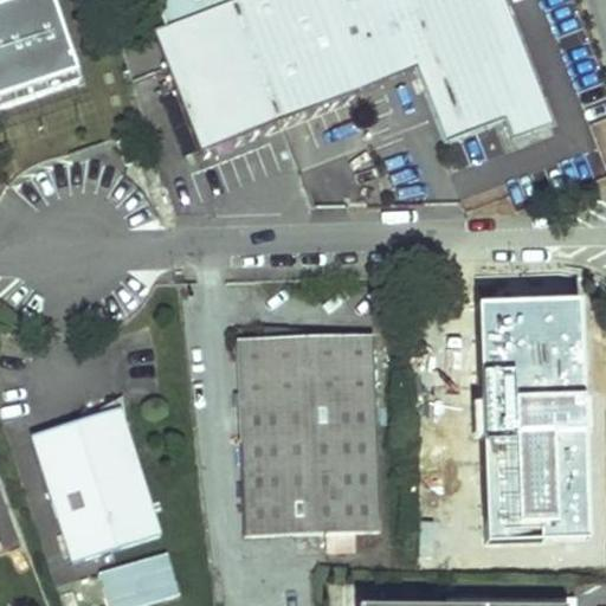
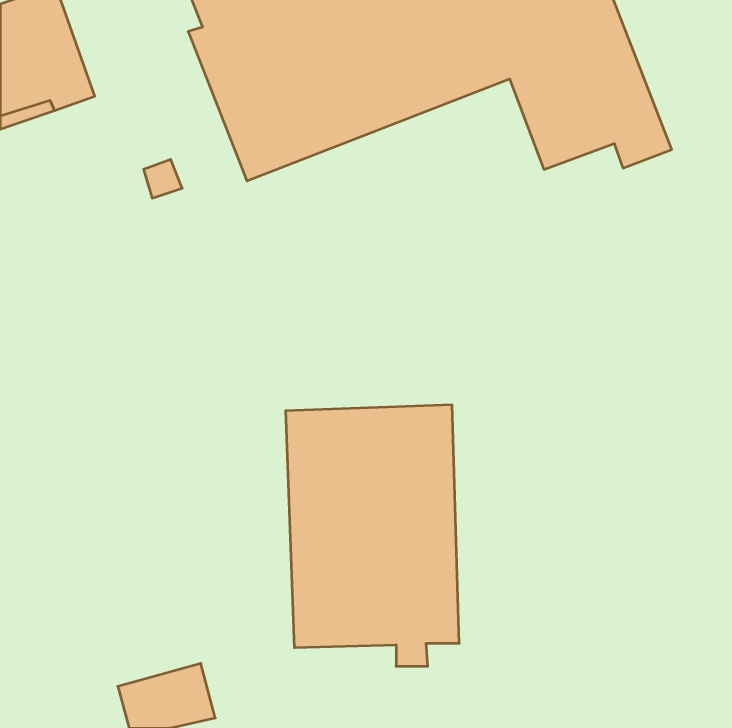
building: [477,298,588,535] -> none
building: [32,405,162,560] -> none

